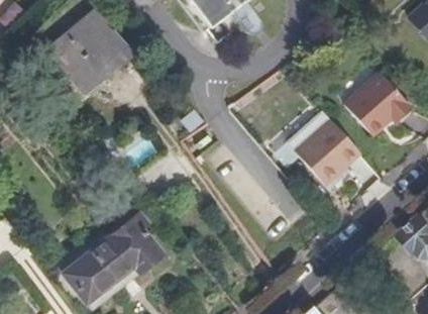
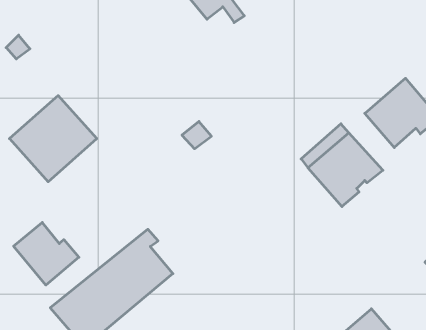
building: [52,9,130,86] -> [9,96,97,182]
building: none -> [14,222,79,285]

